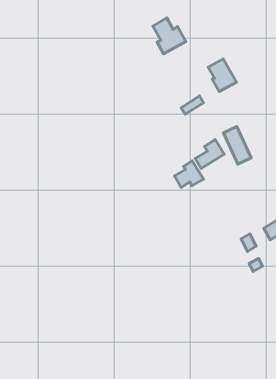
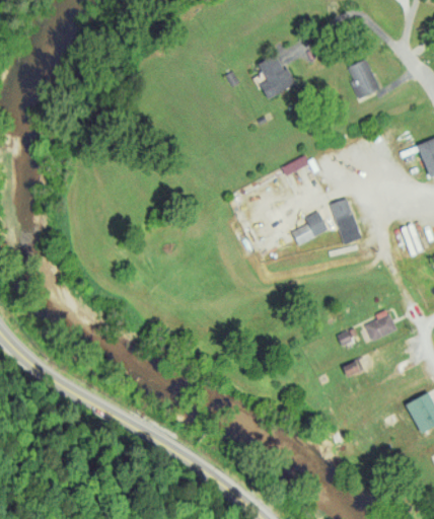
building: [208,59,236,92] -> [347,59,379,98]
building: [174,161,203,187] -> none

